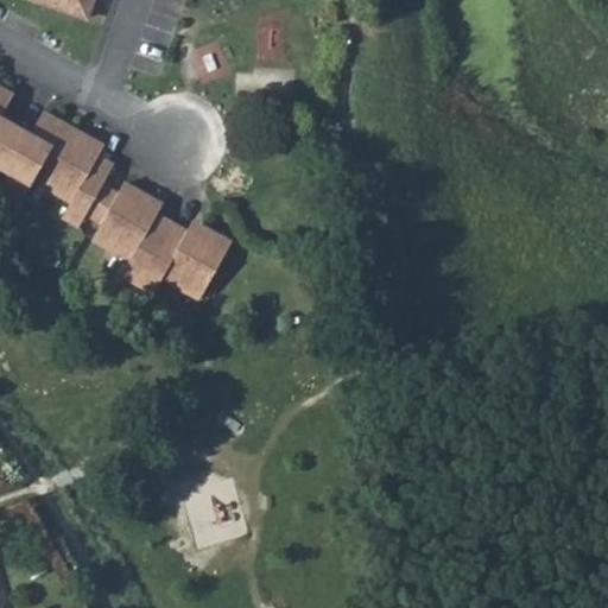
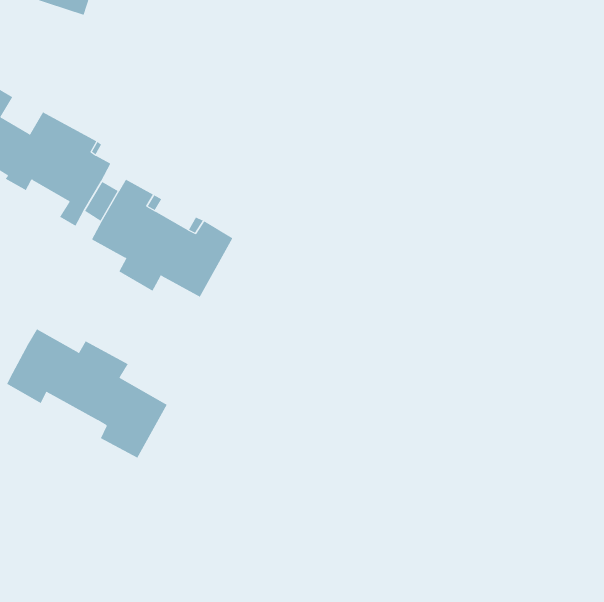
building: none -> [6,329,168,458]

